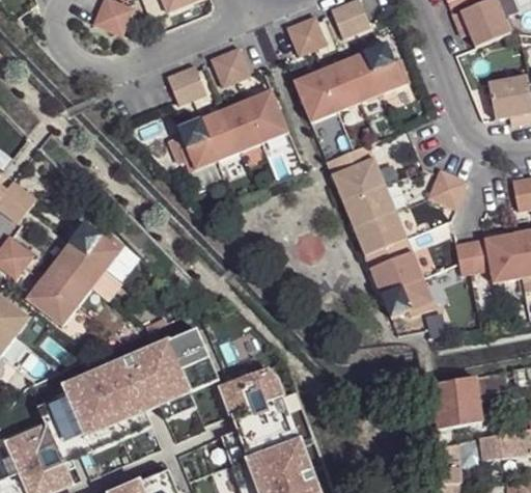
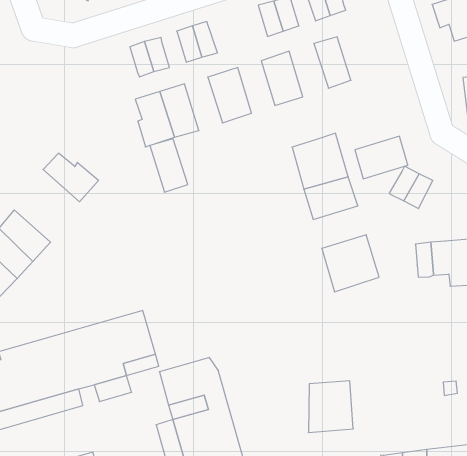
building: [364,43,406,91] -> none
building: [319,59,360,111] -> none
building: [222,100,261,152] -> [150,139,188,192]
building: [356,211,408,254] -> [355,136,408,179]
building: [69,225,123,270] -> [43,153,99,202]
building: [382,277,434,318] -> none
building: [437,377,482,430] -> [308,381,353,433]

